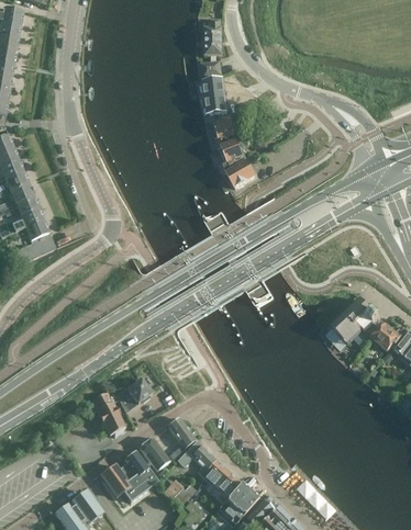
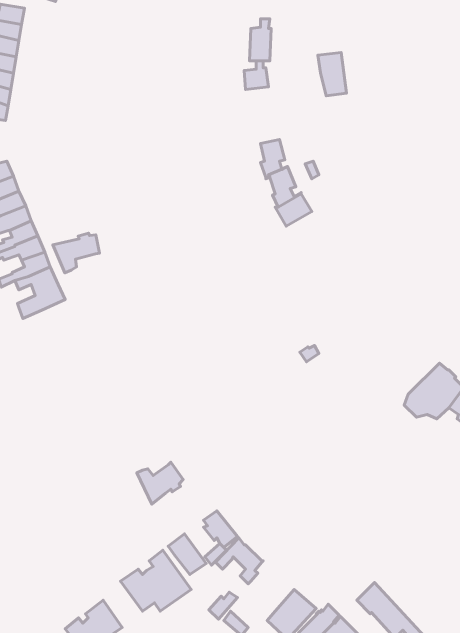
building: [202,78,225,113] -> [318,53,346,96]
building: none -> [53,233,100,273]
building: [86,390,124,436] -> none
building: [206,459,241,498] -> none

